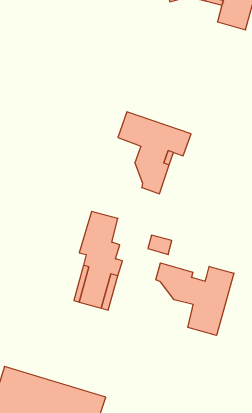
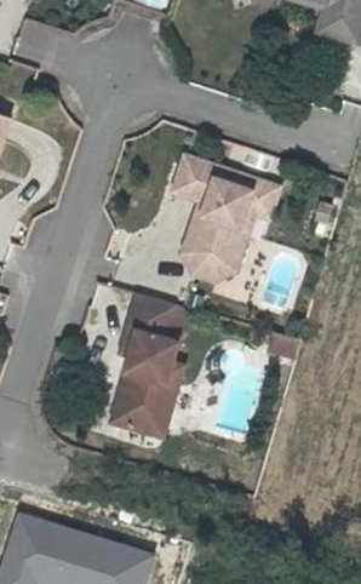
building: none -> [182,205,231,282]
building: [156,263,234,335] -> none

